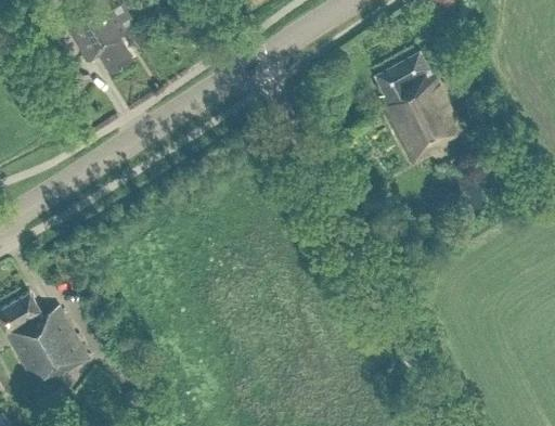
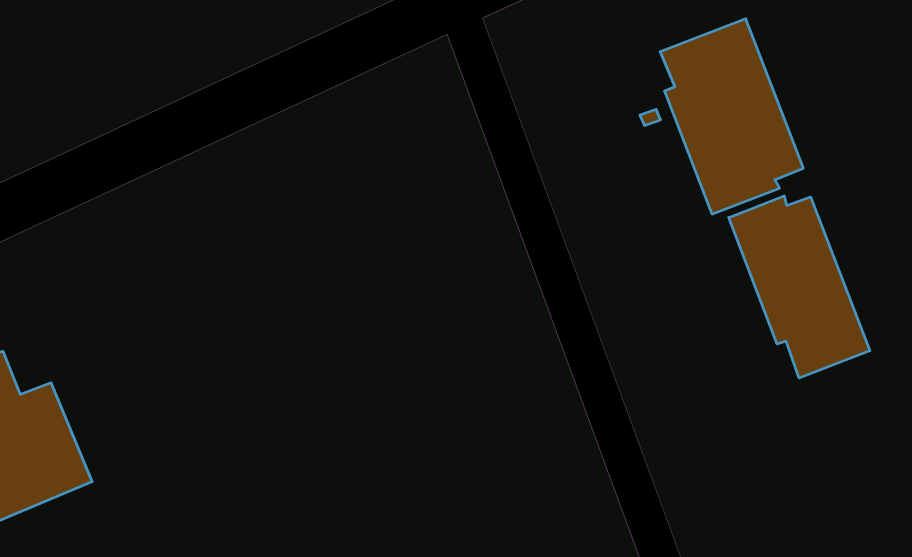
building: none -> [729,196,870,378]

